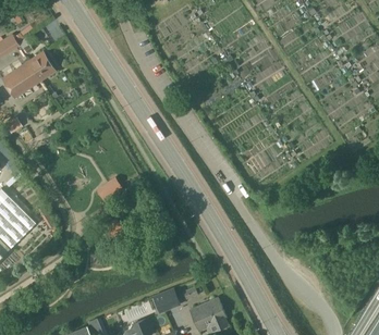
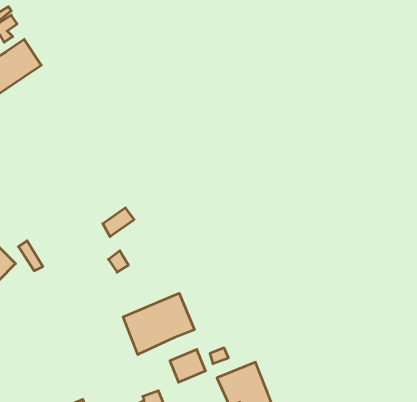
building: none -> [123,293,194,355]

